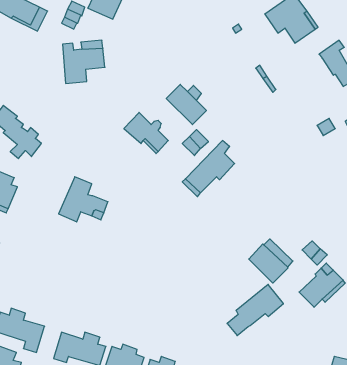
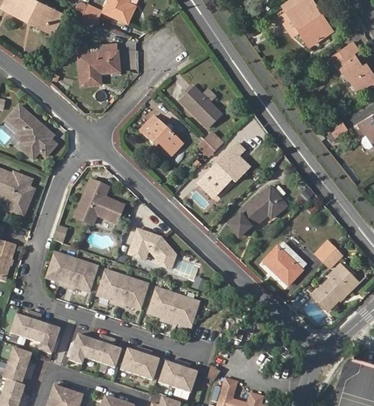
building: none -> [128,228,176,268]
building: none -> [46,252,97,292]
building: none -> [97,269,148,309]
building: [227,284,283,336] -> [230,186,286,237]
building: none -> [147,287,199,327]

